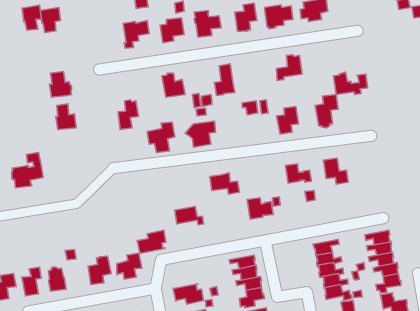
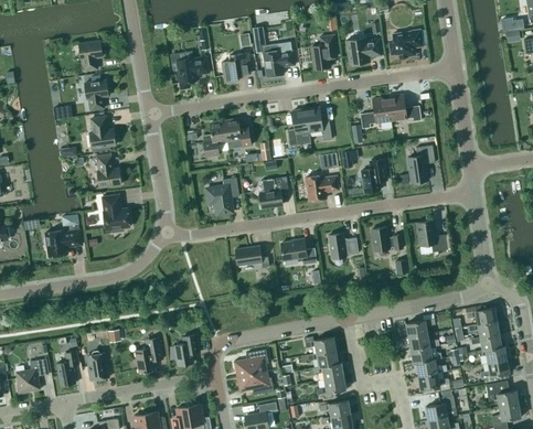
building: [22,5,41,30] -> [84,79,107,109]
building: none -> [305,107,331,140]
building: [334,72,368,94] -> [387,94,428,120]
building: [118,100,139,130] -> [202,121,226,157]
building: none -> [305,174,338,201]
building: none -> [102,194,129,232]
building: [247,198,273,219] -> [327,233,358,258]
building: [175,206,204,225] -> [234,245,268,267]
building: [137,230,166,253] -> [233,348,267,376]

